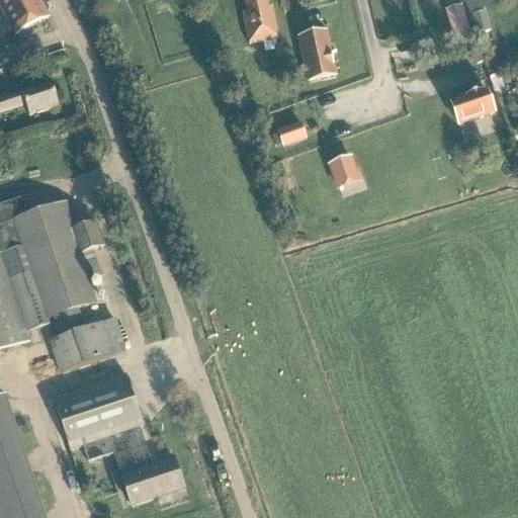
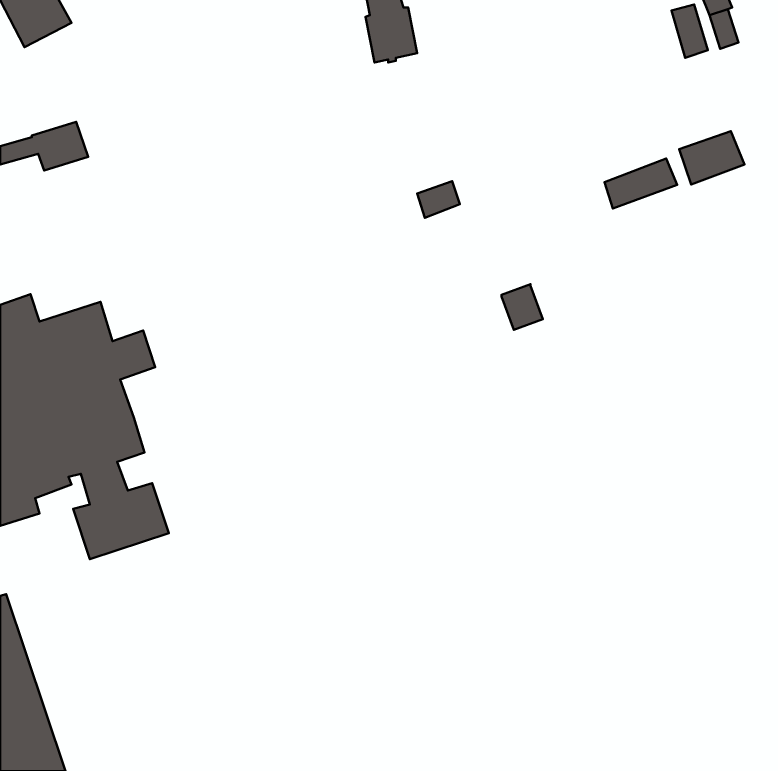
building: [296,30,336,79] -> none
building: none -> [605,158,677,209]
building: [330,155,357,185] -> [502,284,543,330]
building: [54,373,184,505] -> none

